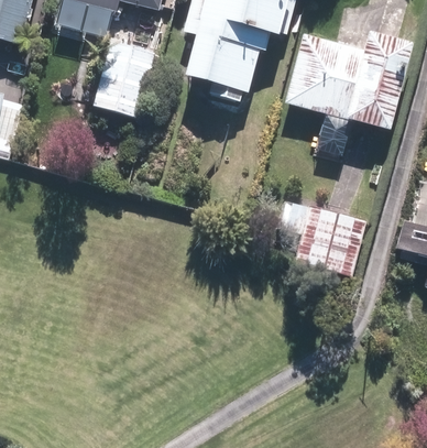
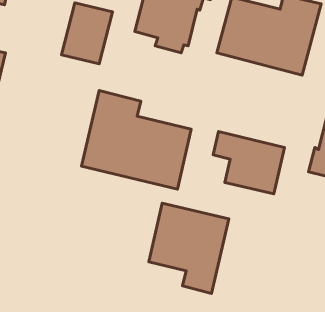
building: none -> [81,90,191,189]
building: none -> [149,203,229,293]

